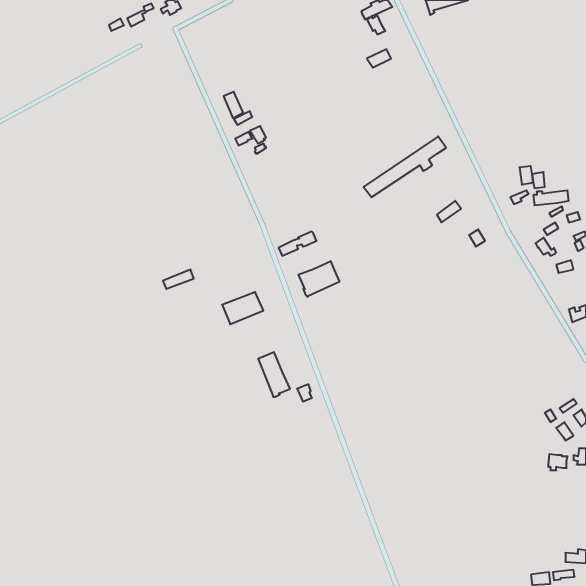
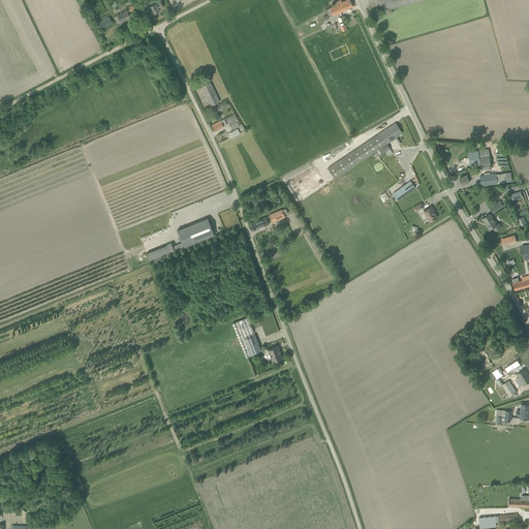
building: [299,261,339,297] -> none
building: [222,292,263,324] -> [177,218,214,247]

